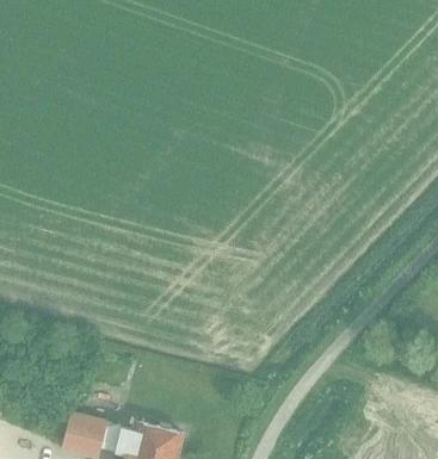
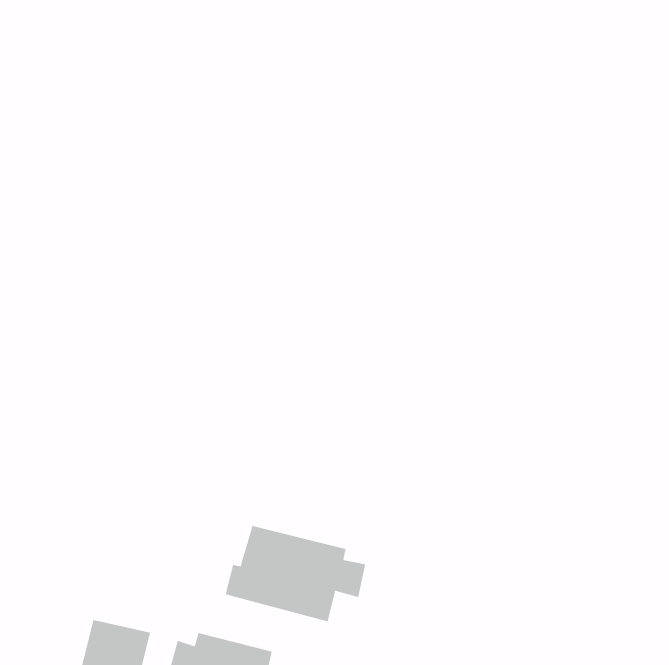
building: none -> [225,525,366,622]

